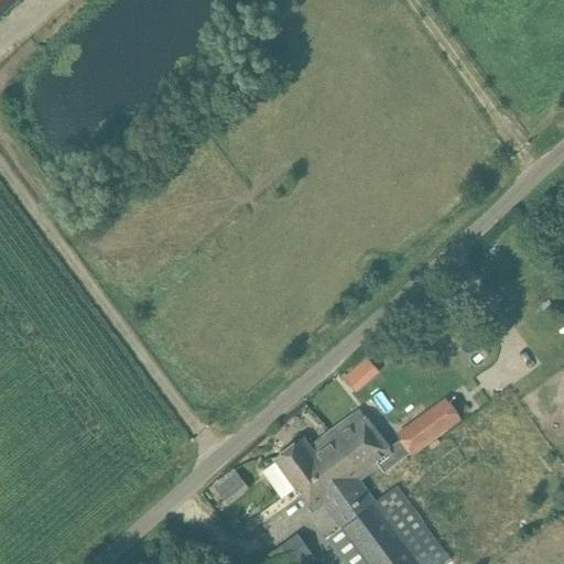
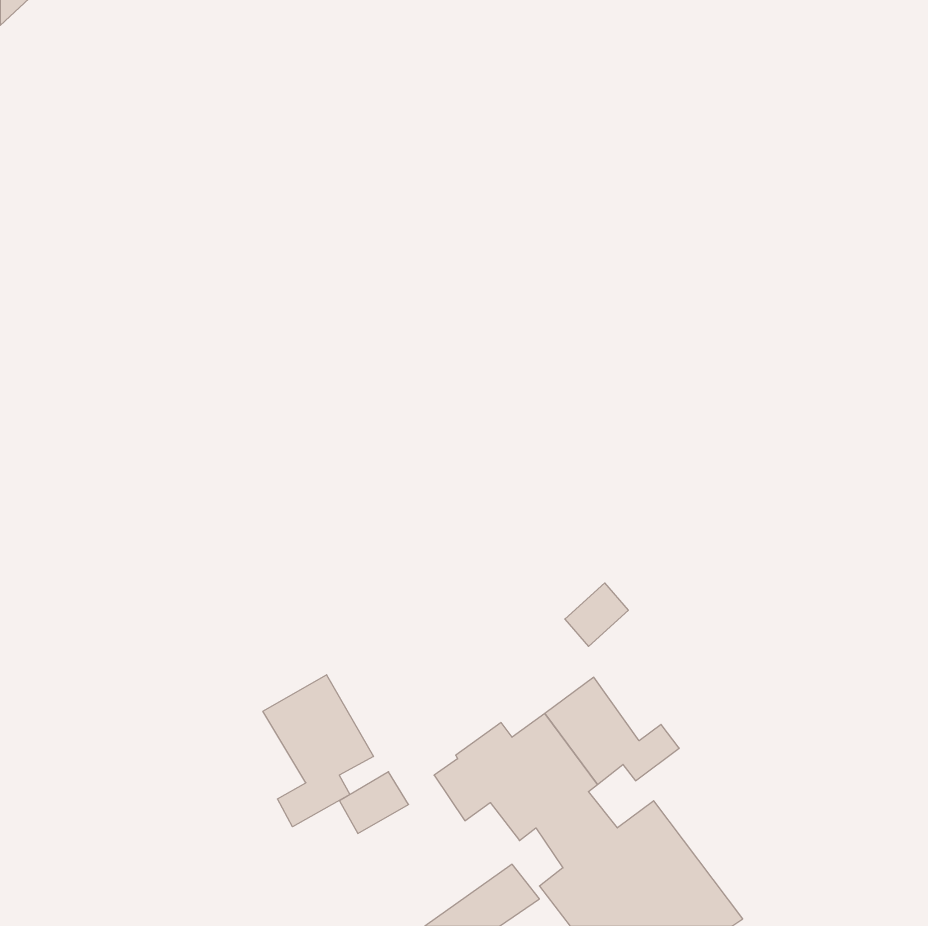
building: [398,400,460,454] -> none
building: none -> [263,675,373,827]

